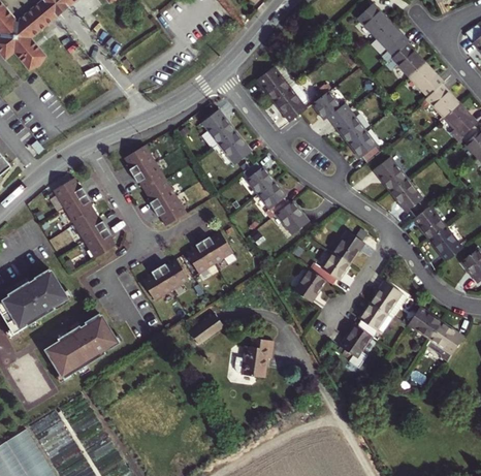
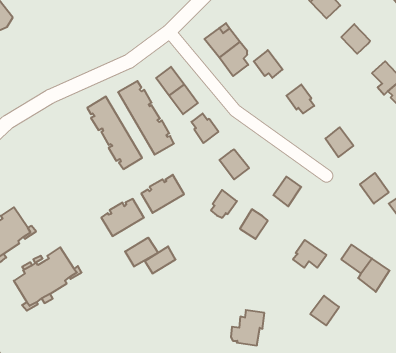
building: [390,45,423,78] -> none
building: [424,86,457,119] -> none
building: [332,112,364,144] -> none
building: [376,158,407,191] -> none
building: [55,176,117,257] -> [118,81,174,155]
building: [256,184,286,218] -> none
building: [413,208,446,242] -> none
building: [321,254,350,285] -> [211,190,237,218]
building: [368,283,407,320] -> none
building: none -> [125,238,158,267]
building: [339,324,371,357] -> [310,296,339,325]
building: [237,336,275,375] -> [231,310,264,345]

